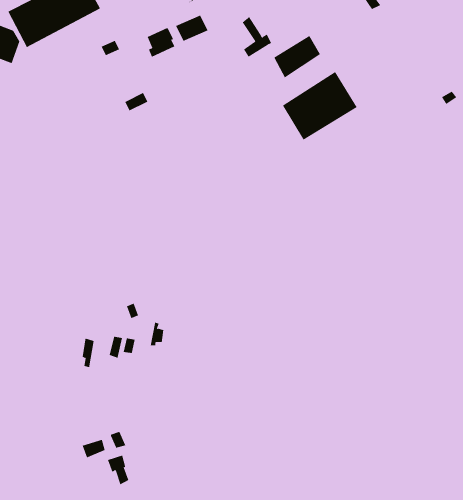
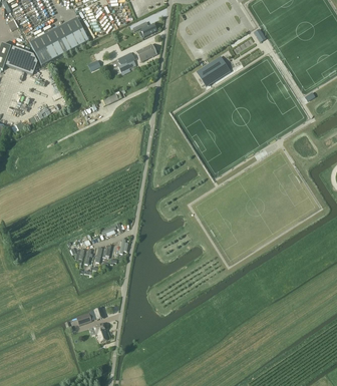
building: [282,71,358,140] -> none

